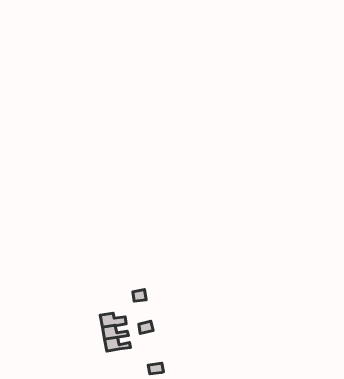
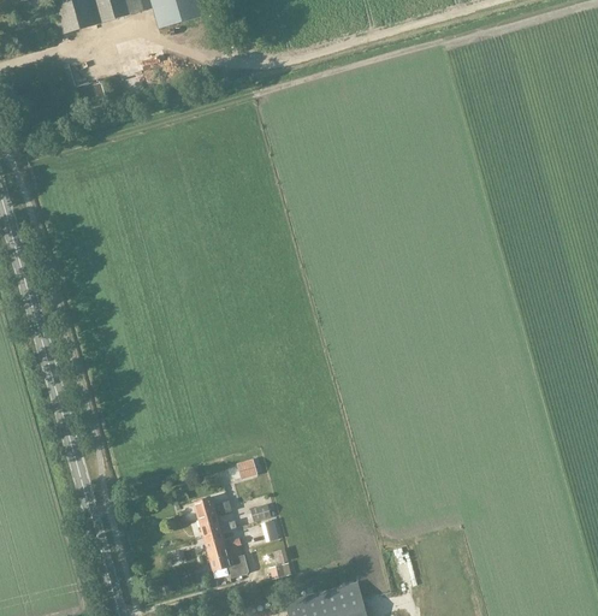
building: none -> [208,547,250,578]

